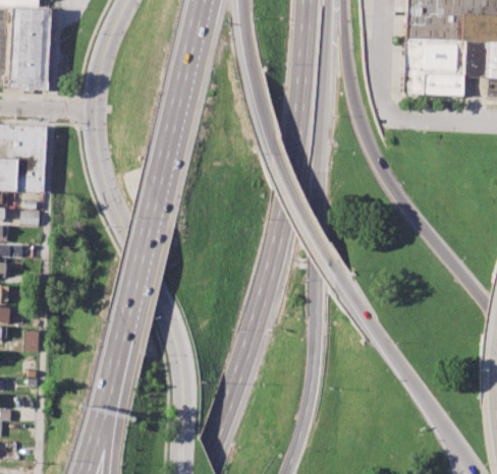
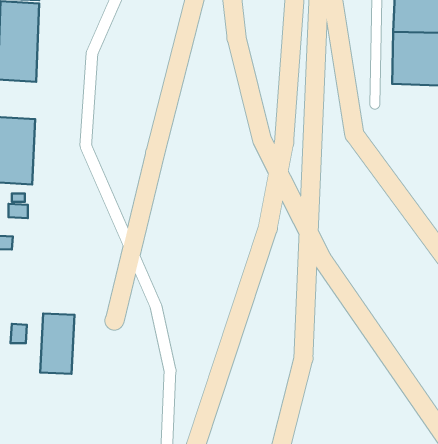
building: none -> [40,314,75,374]

